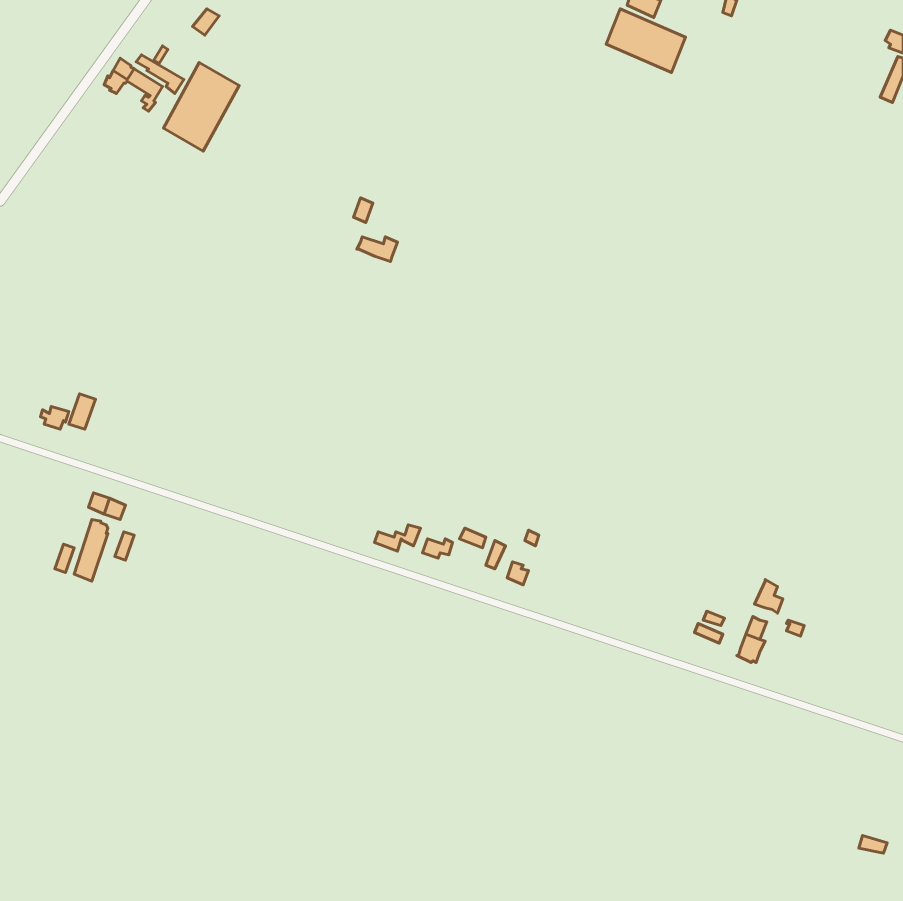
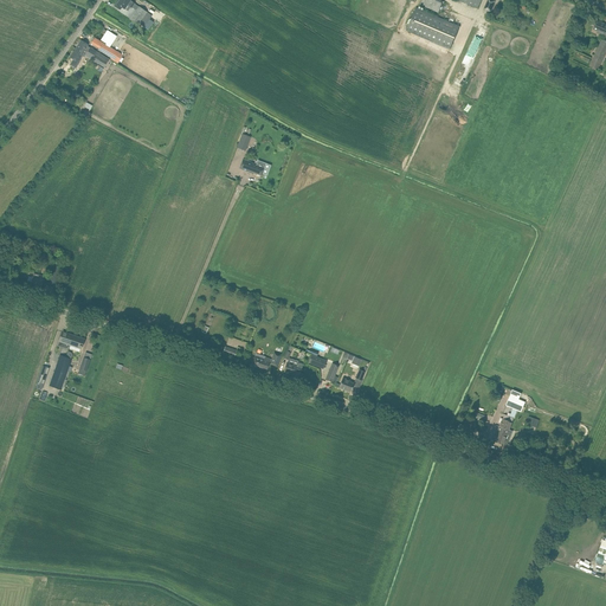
building: [163,62,239,151] -> none

